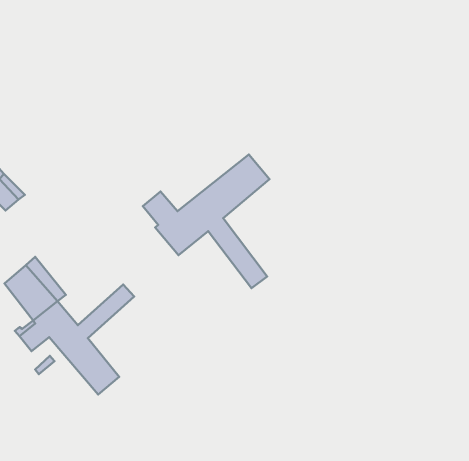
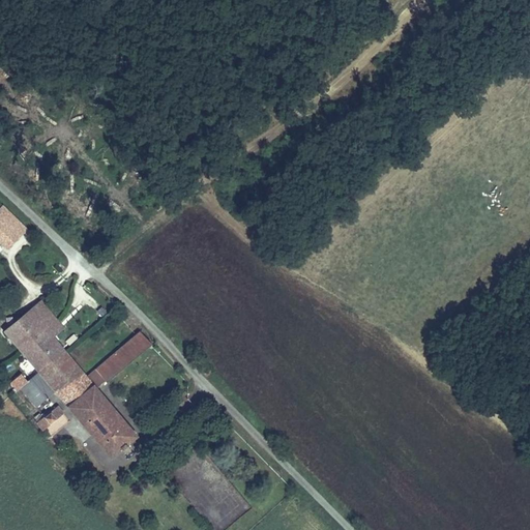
building: [143,154,270,288] -> none

